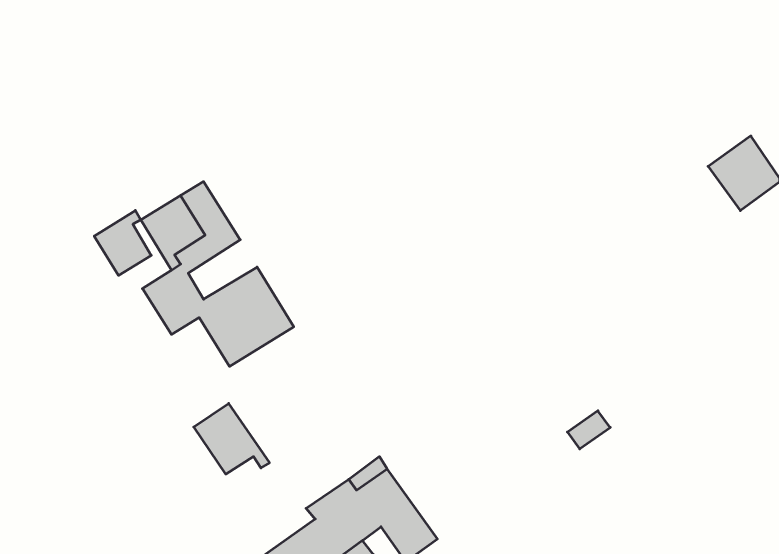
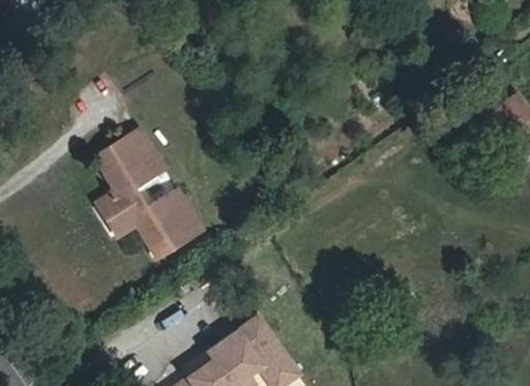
building: [94,210,151,275] -> none
building: [194,403,269,474] -> none

